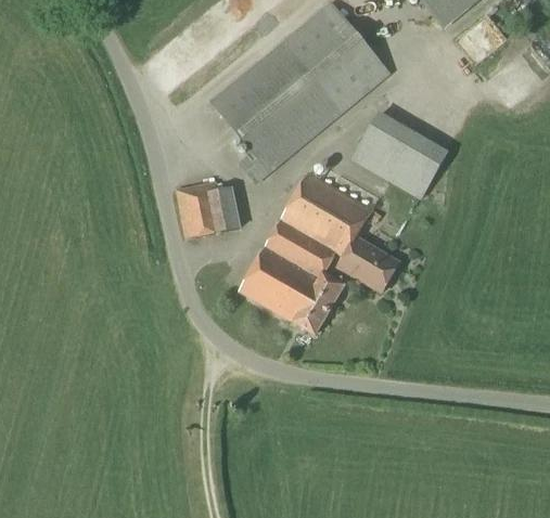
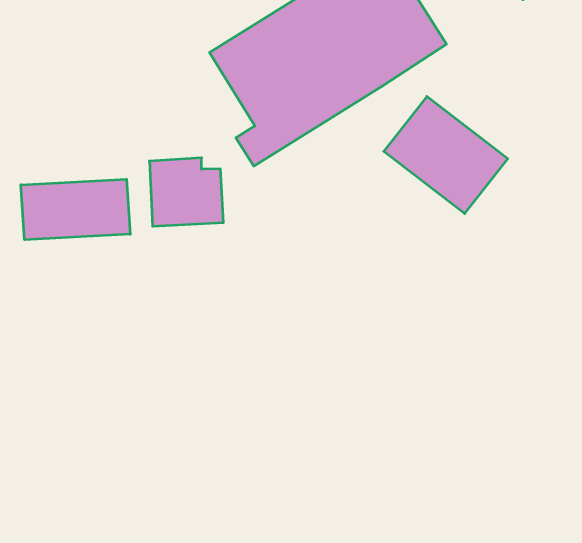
building: [239,171,398,333] -> none
building: none -> [21,179,130,240]

